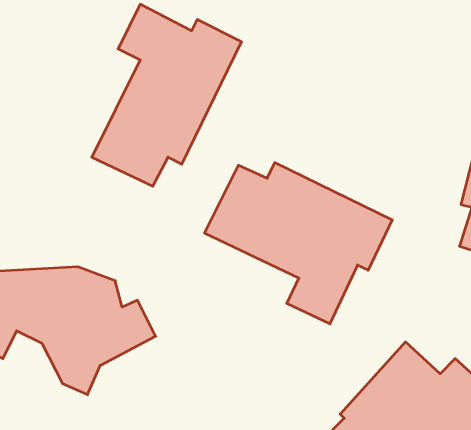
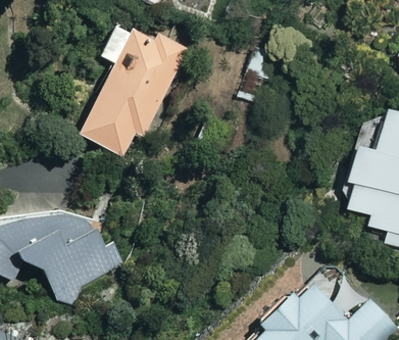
building: [205,163,392,324] -> none

